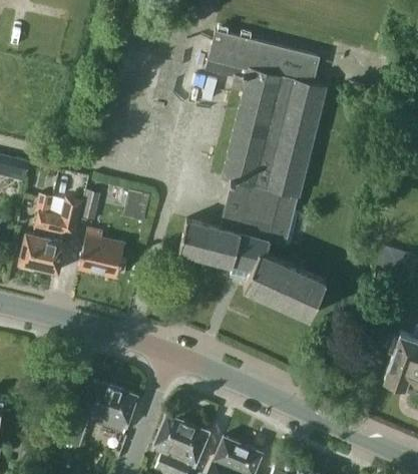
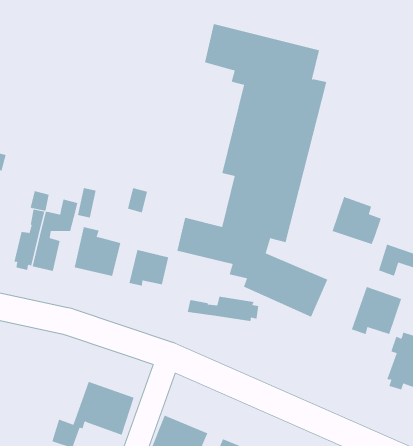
building: none -> [332,196,382,245]
building: none -> [129,249,169,286]
building: none -> [351,286,402,335]
building: none -> [187,296,259,322]

